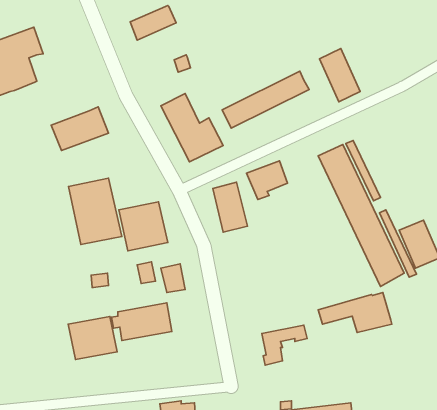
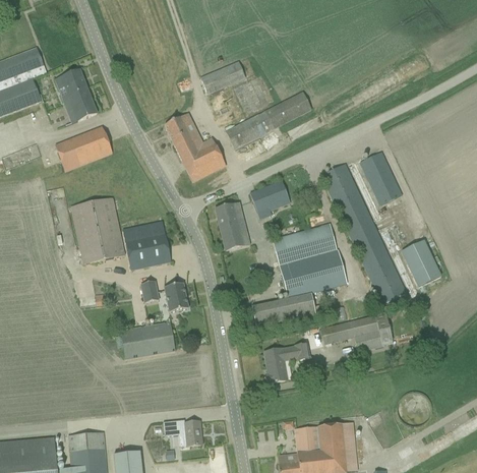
building: [130,6,176,40] -> [200,60,246,95]
building: [319,49,360,102] -> [360,152,401,204]
building: none -> [55,69,97,123]
building: none -> [251,223,348,331]
building: [68,316,117,360] -> none

